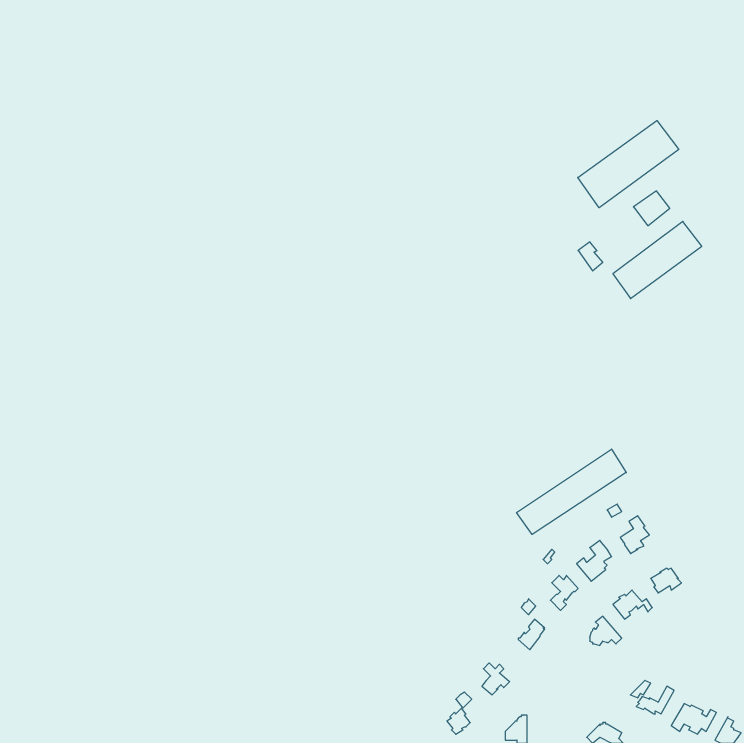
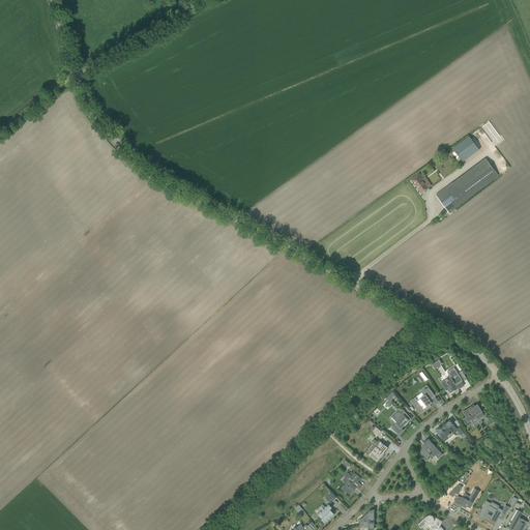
building: [578,121,679,208] -> none
building: [517,449,626,534] -> none

